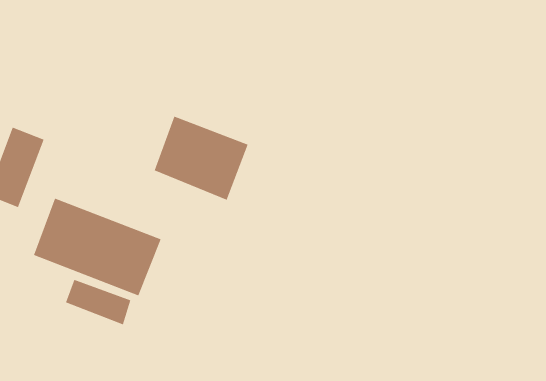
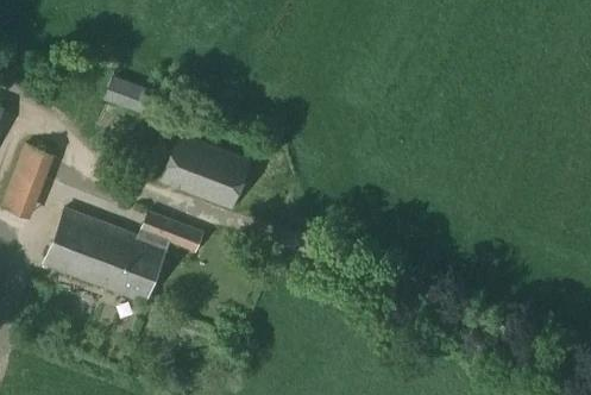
building: none -> [106,79,152,113]
building: [65,279,131,325] -> [142,209,205,253]

